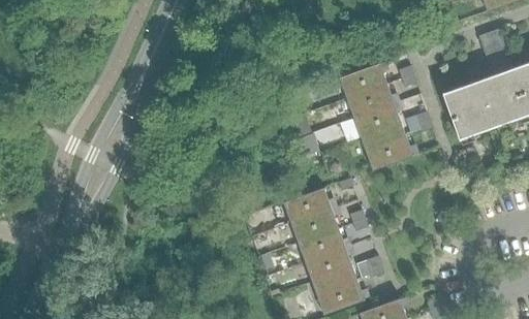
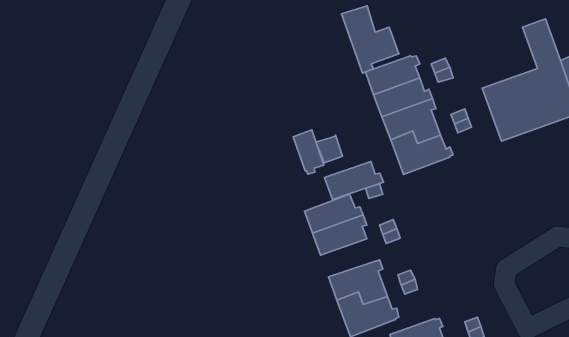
building: none -> [341,6,399,73]
building: none -> [293,130,324,174]
building: [298,227,350,261] -> [325,161,383,199]

